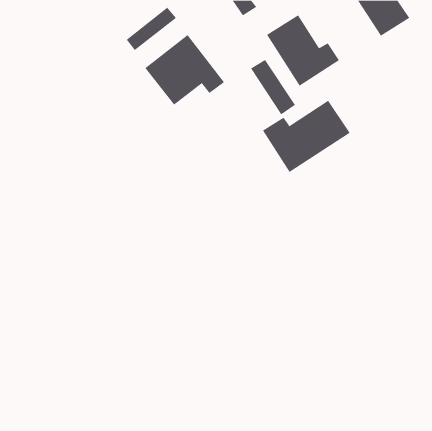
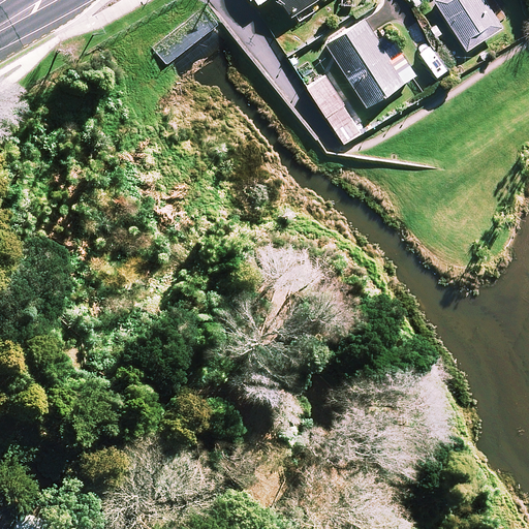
building: [144,34,225,106] -> none
building: [262,100,350,173] -> none

